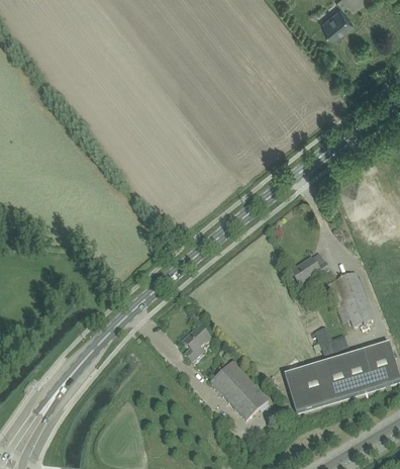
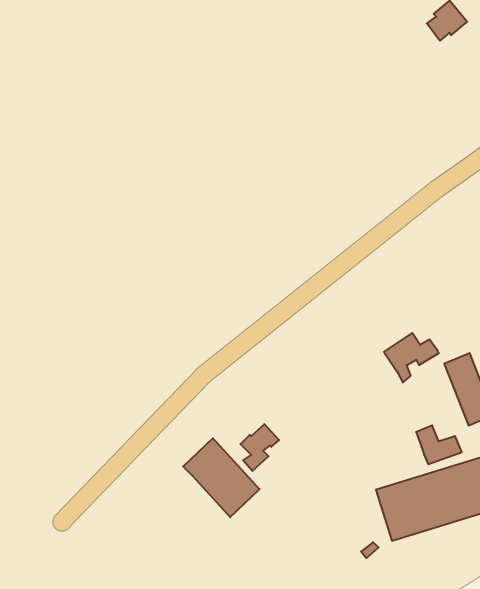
building: [210,359,268,418] -> [183,438,260,517]

